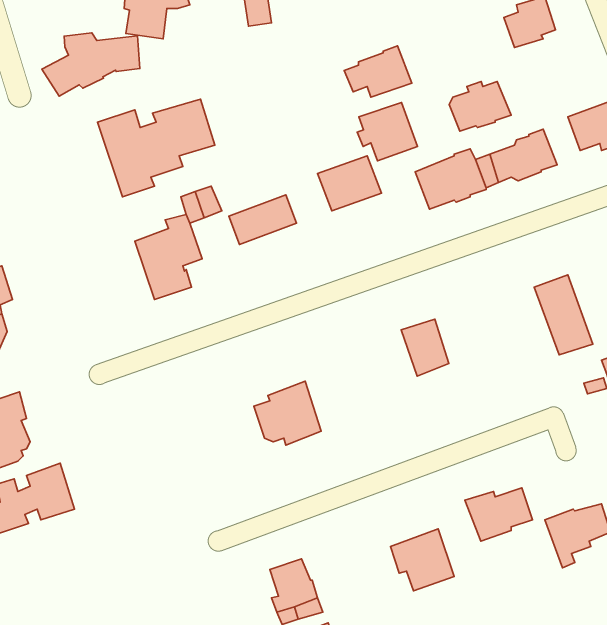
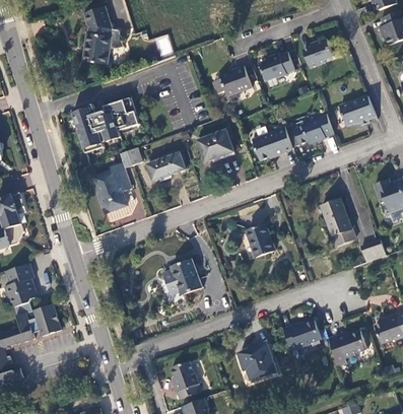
building: [42,33,140,96] -> none
building: [449,81,511,131] -> [261,53,296,81]
building: [357,102,417,161] -> none

